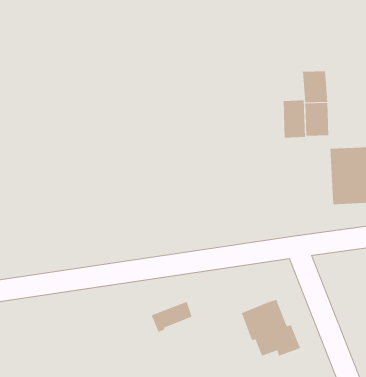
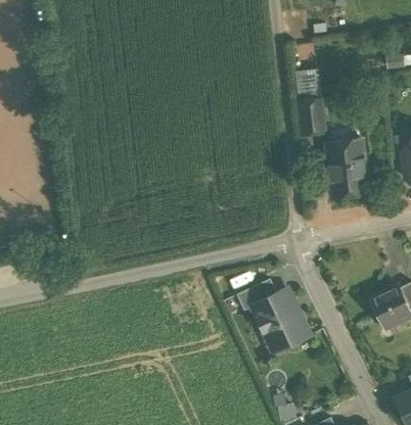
building: [283,100,305,138] -> none
building: [151,301,193,333] -> [237,280,277,312]

